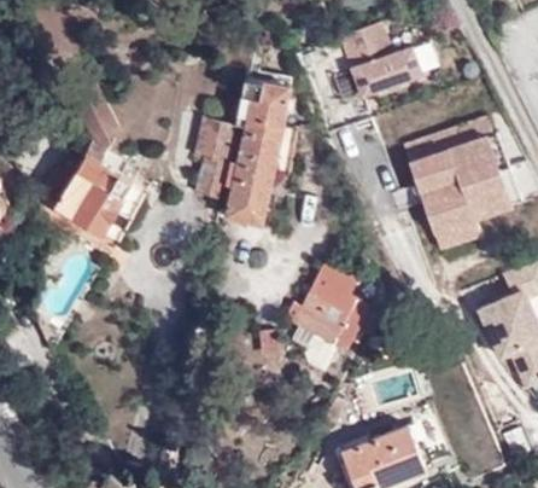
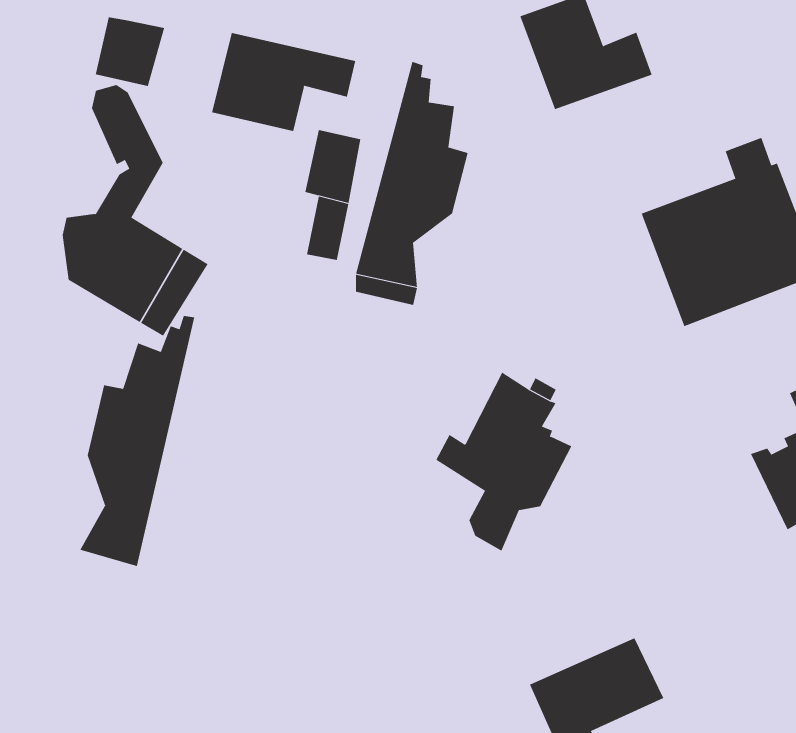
building: none -> [95,16,165,87]
building: none -> [211,32,356,132]
building: none -> [80,315,195,567]

